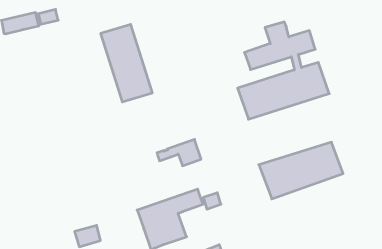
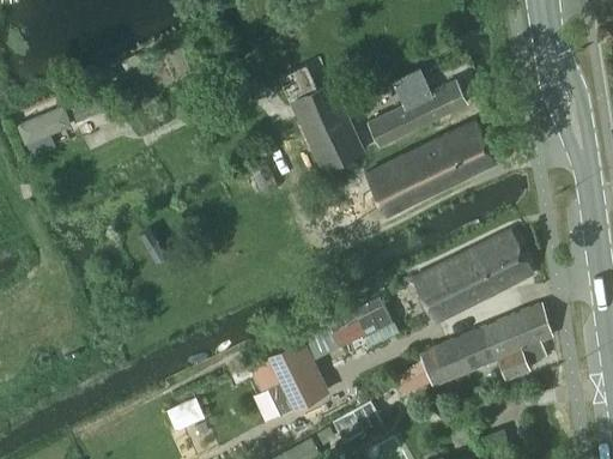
building: [101,24,152,102] -> [278,60,363,171]
building: [157,139,201,166] -> [328,296,392,336]
building: none -> [421,306,551,385]

